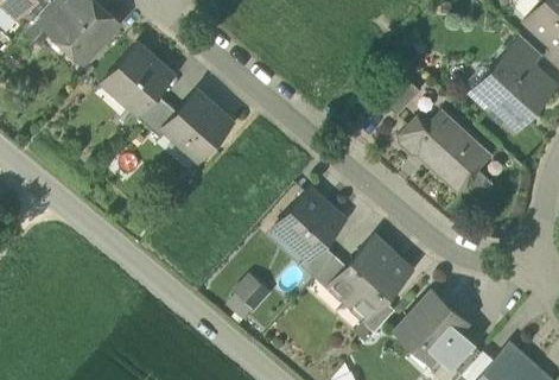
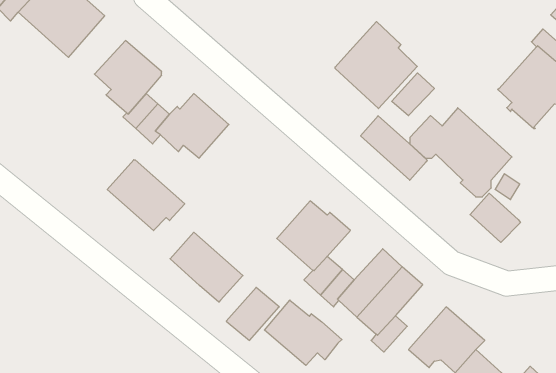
building: none -> [335,22,417,109]
building: none -> [361,116,427,180]
building: none -> [107,160,185,231]
building: none -> [470,193,520,242]
building: none -> [170,232,243,302]
building: none -> [264,300,342,365]

